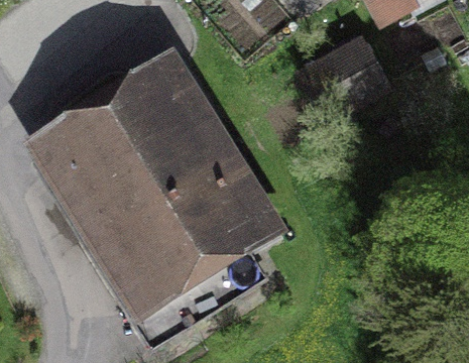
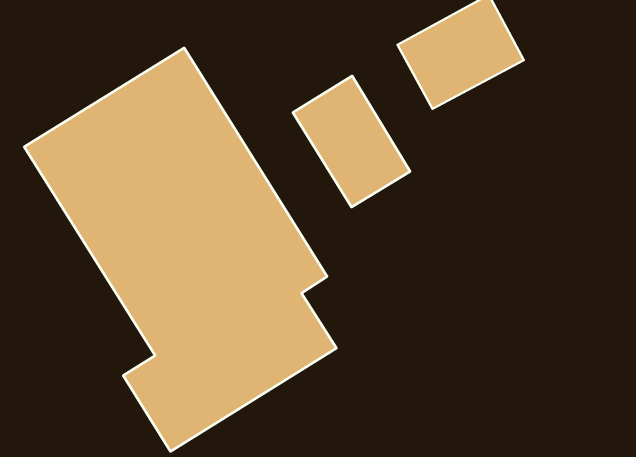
building: none -> [293,76,410,207]

